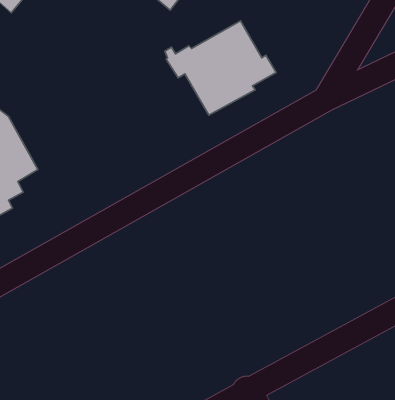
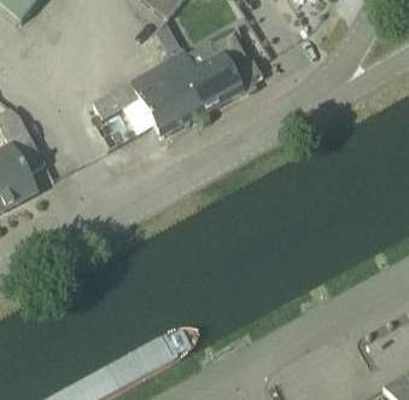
building: none -> [93,63,201,135]

